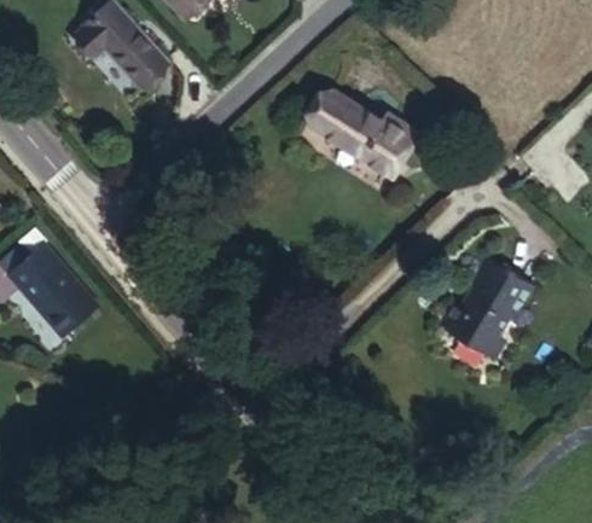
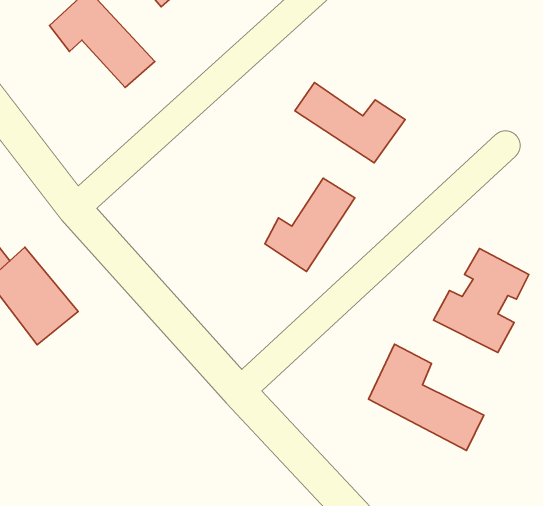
building: none -> [265,178,355,271]
building: none -> [368,344,484,451]

